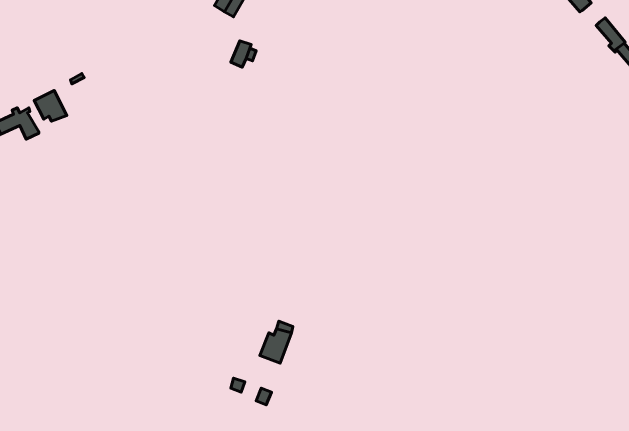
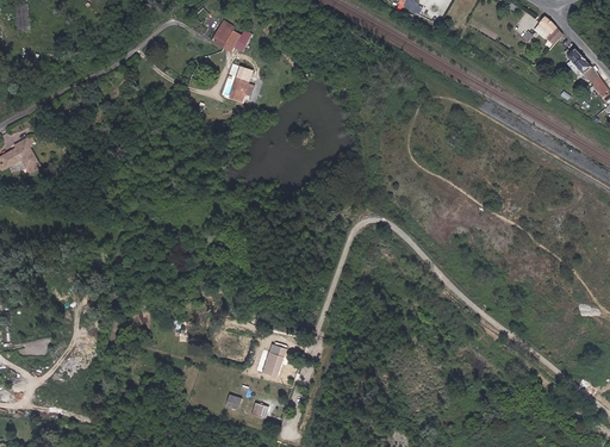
building: [34,91,67,121] -> none

